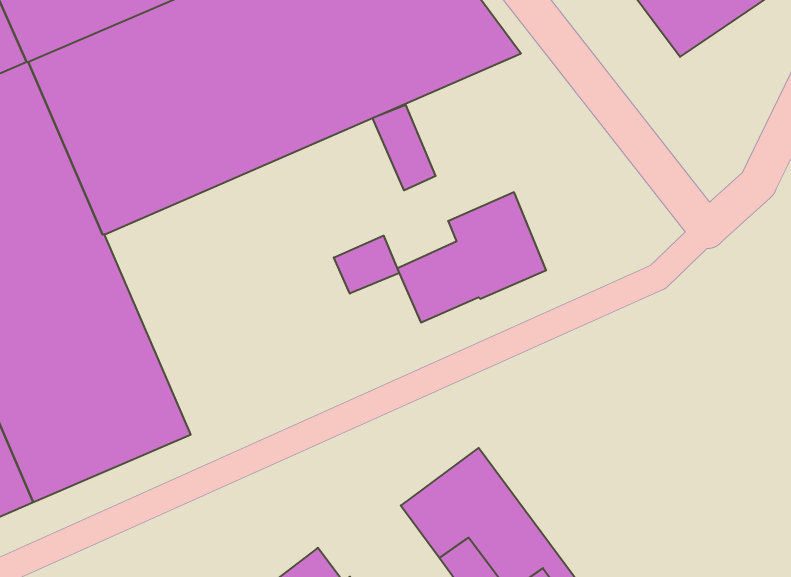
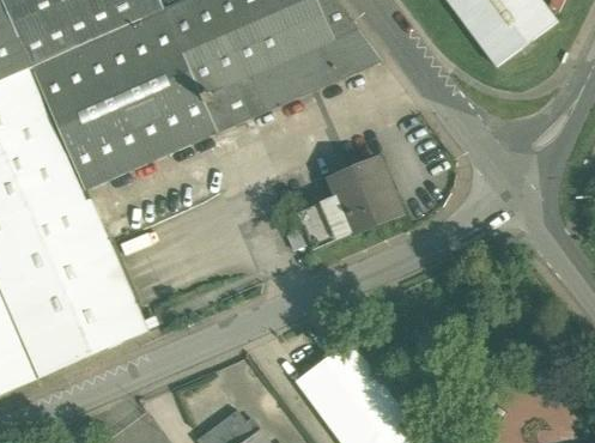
building: [373,105,436,190] -> none
building: [334,236,399,294] -> none

